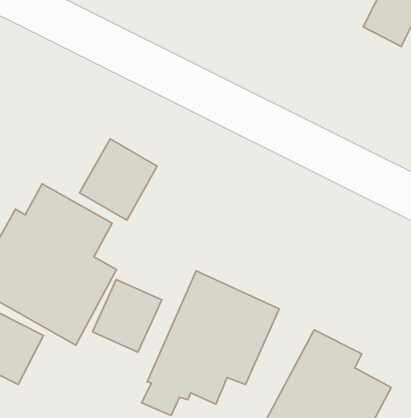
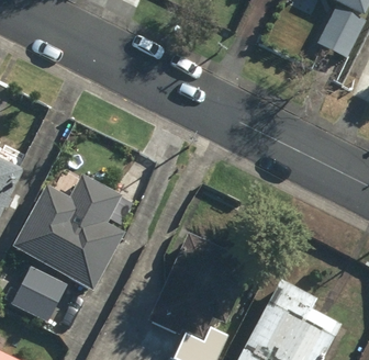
building: [80,139,157,220] -> none
building: [92,279,162,352] -> none

